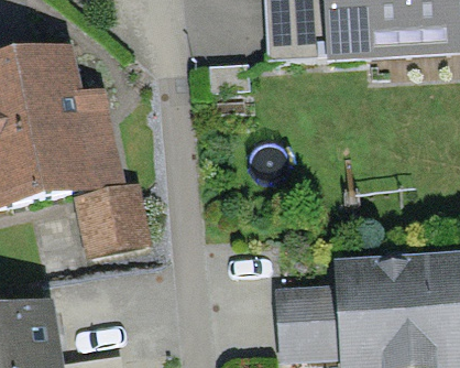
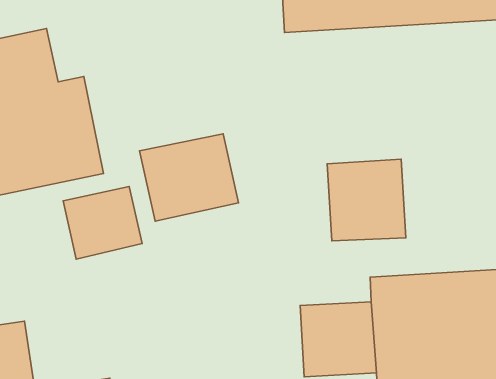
building: none -> [140,134,238,221]
building: none -> [327,159,406,241]

